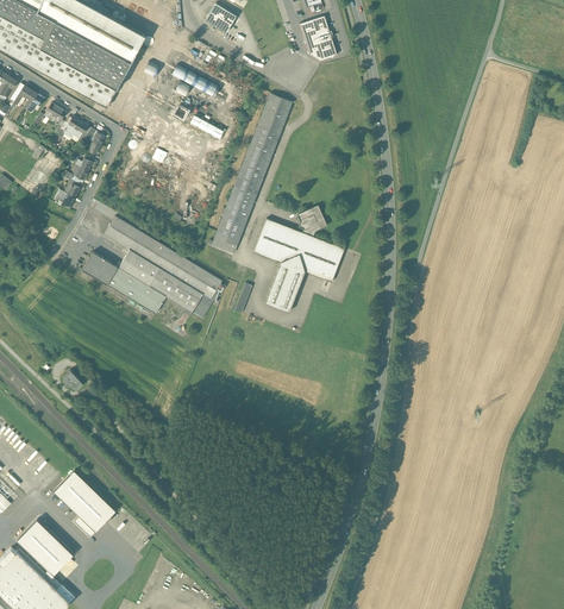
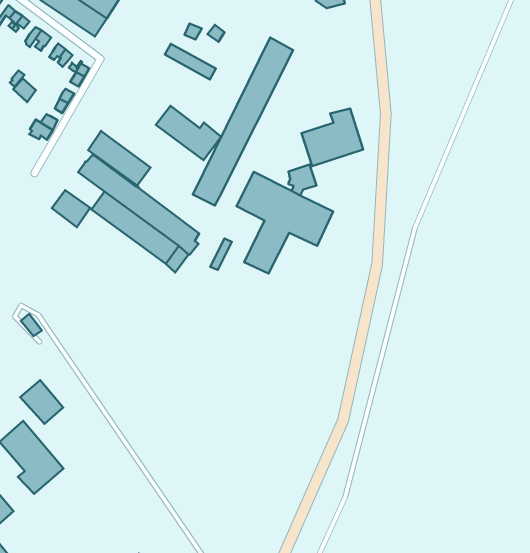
building: none -> [301,109,363,166]
building: none -> [156,106,221,160]
building: [107,266,167,314] -> [88,131,150,185]
building: none -> [20,380,63,424]

